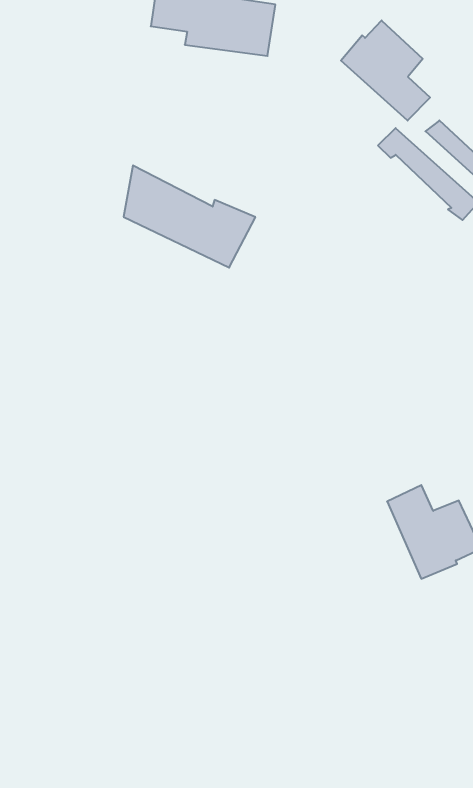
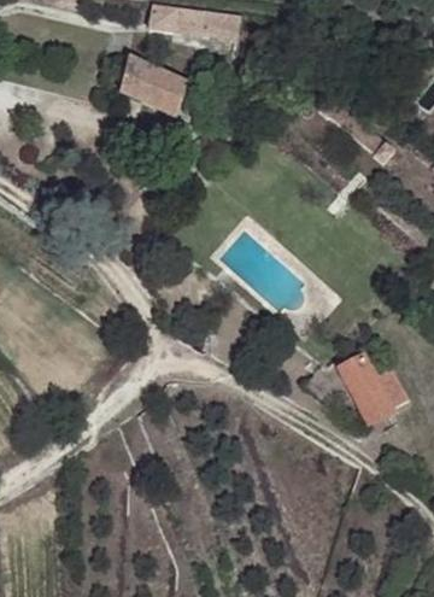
building: [341,20,430,121] -> none
building: [124,165,255,268] -> [119,53,215,123]

